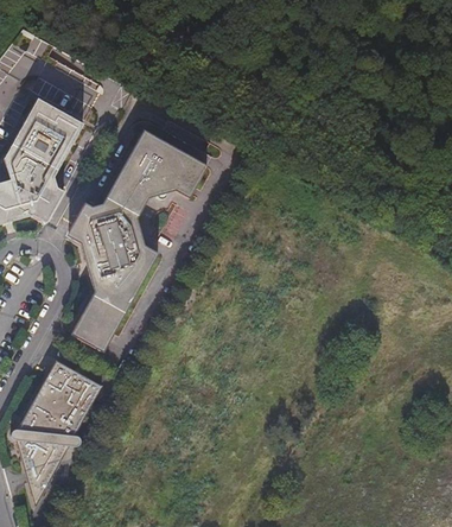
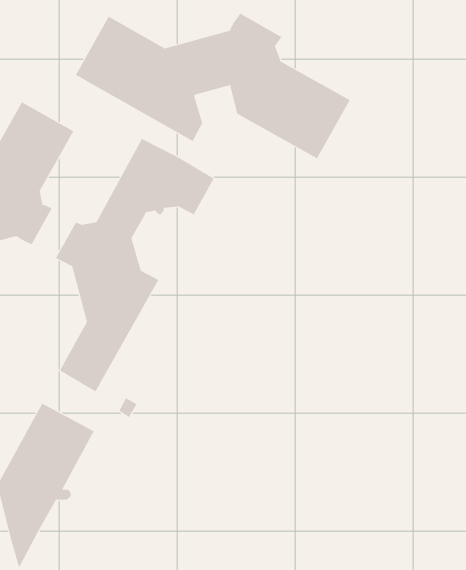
building: none -> [75,13,351,159]

